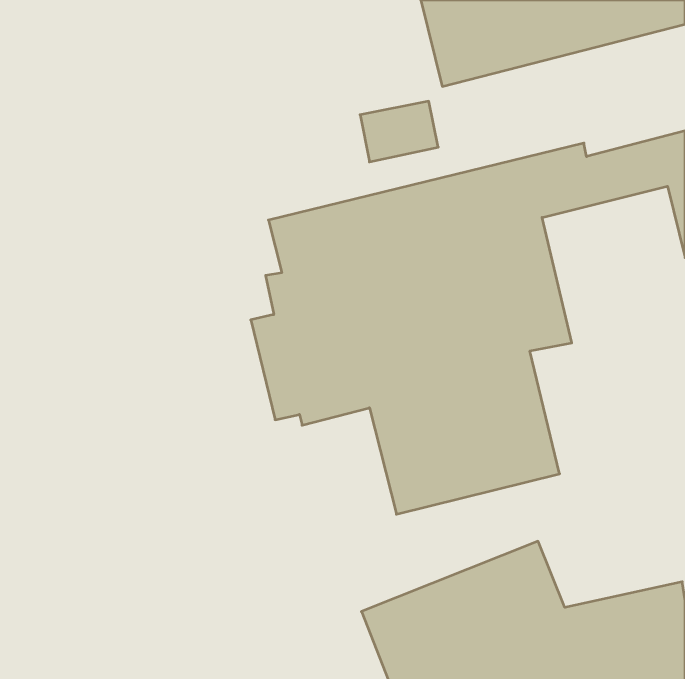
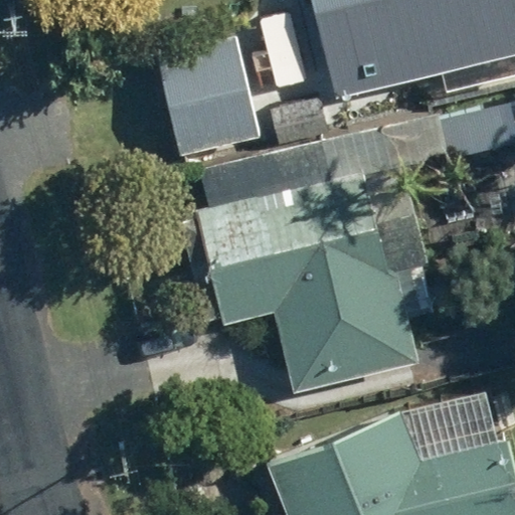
building: none -> [159,37,265,155]

